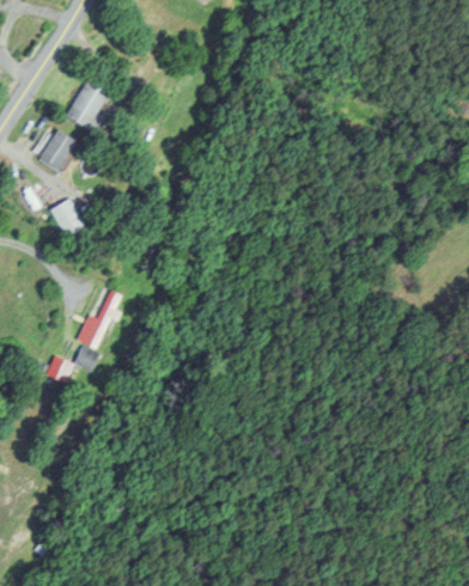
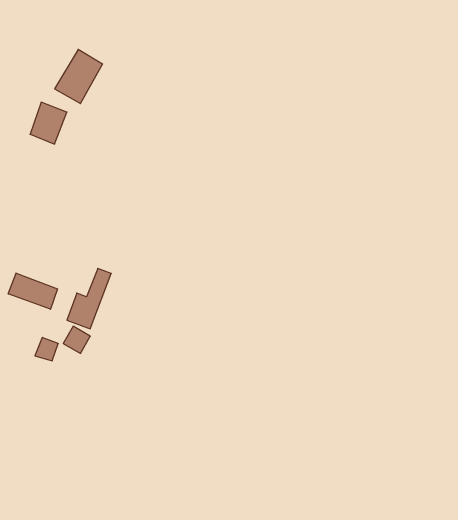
building: [47,199,85,240] -> none
building: none -> [8,273,57,309]

